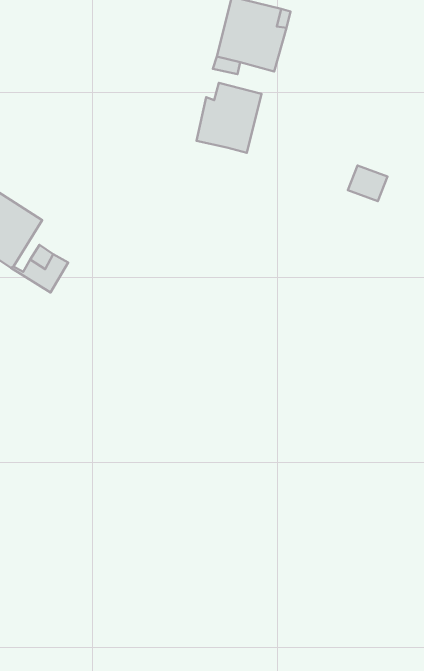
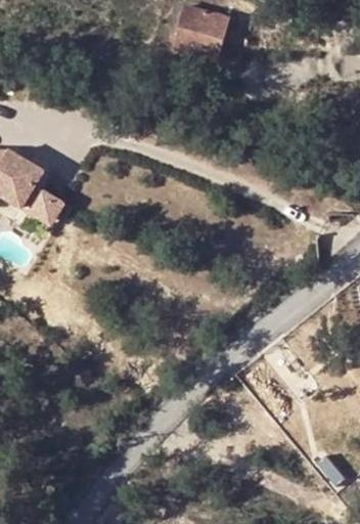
building: [196,83,262,153] -> none

